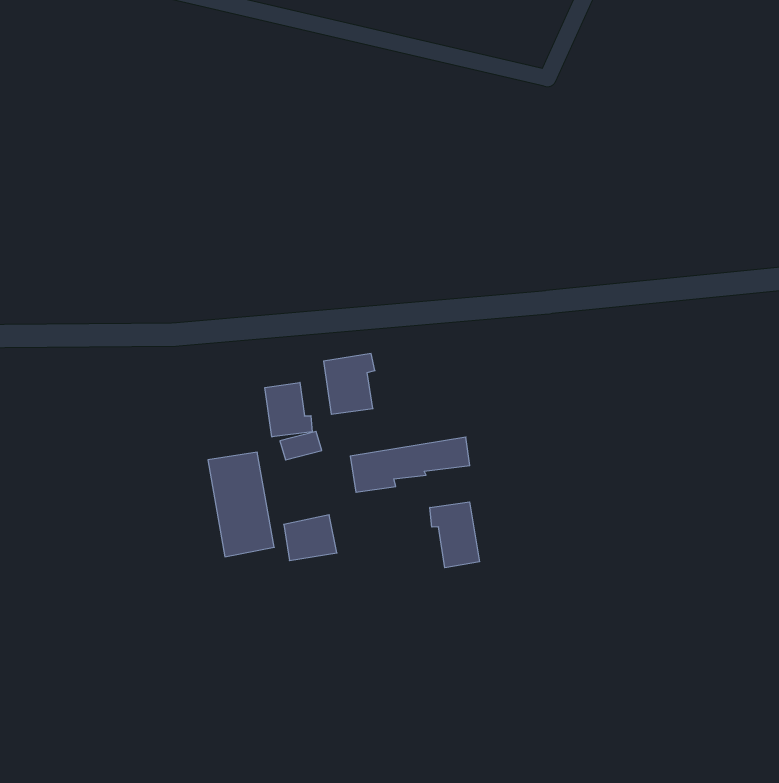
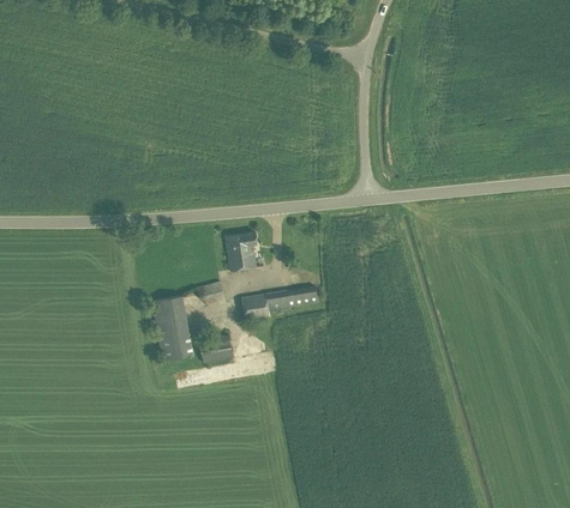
building: [265,382,312,437] -> none
building: [430,502,479,568] -> none

